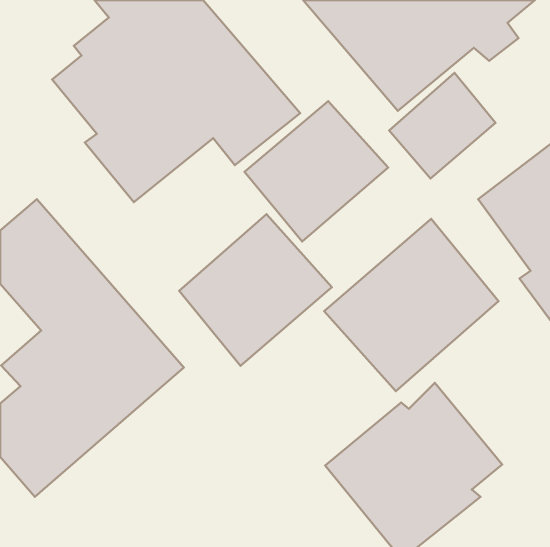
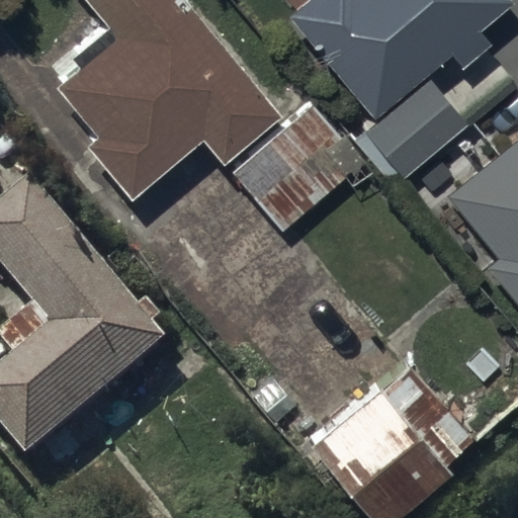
building: [179,214,332,366] -> none
building: [324,219,498,391] -> none

